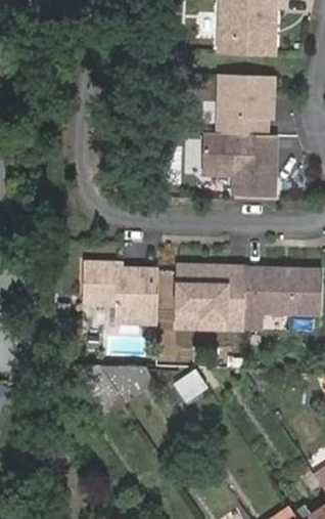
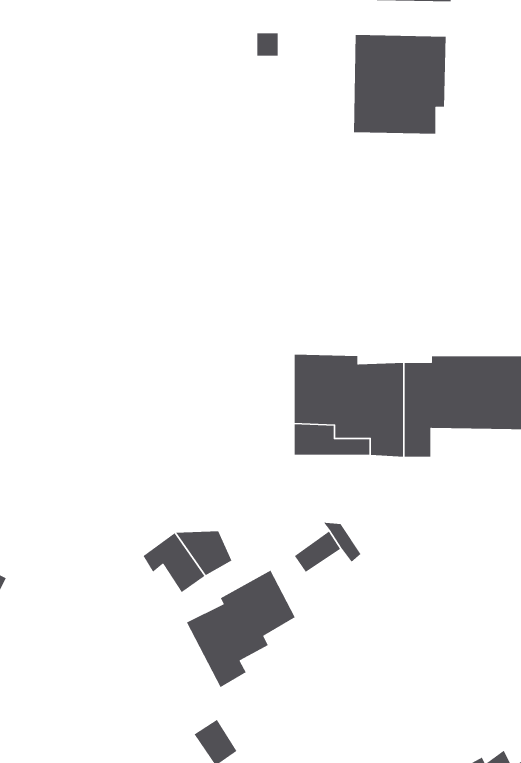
building: [200,133,273,197] -> none
building: [84,264,158,323] -> none
building: none -> [186,569,296,688]

